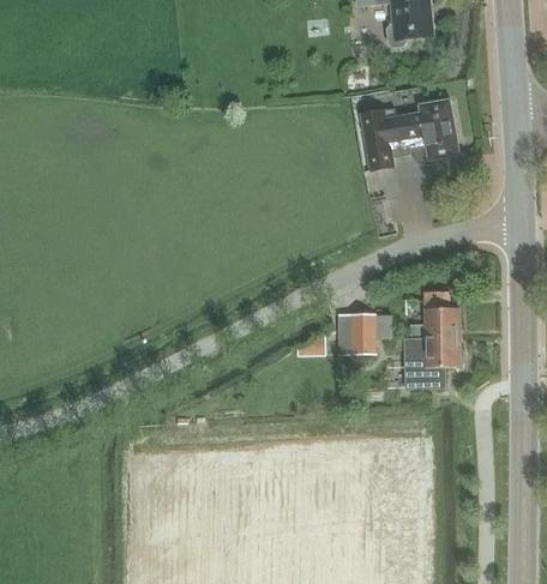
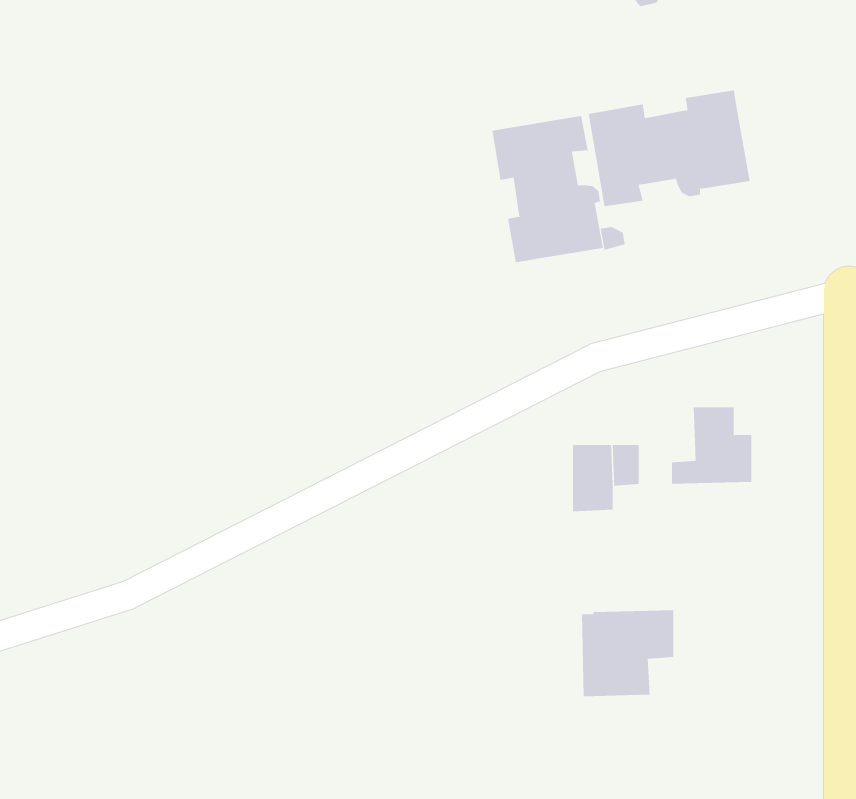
building: none -> [492,115,603,263]
building: [403,335,459,387] -> [581,610,674,697]

